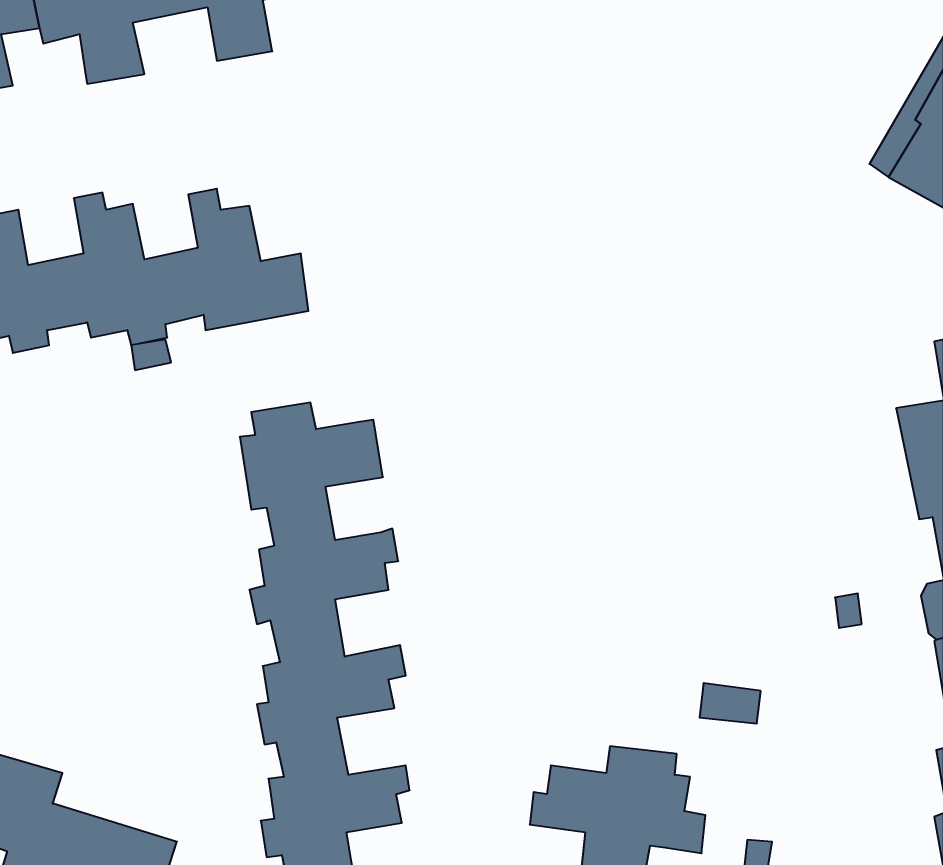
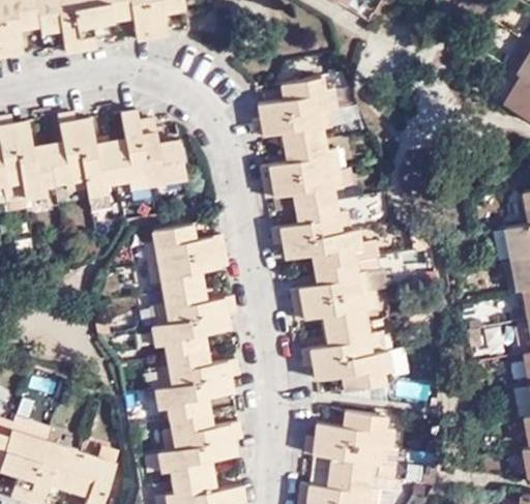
building: none -> [256,76,391,388]

